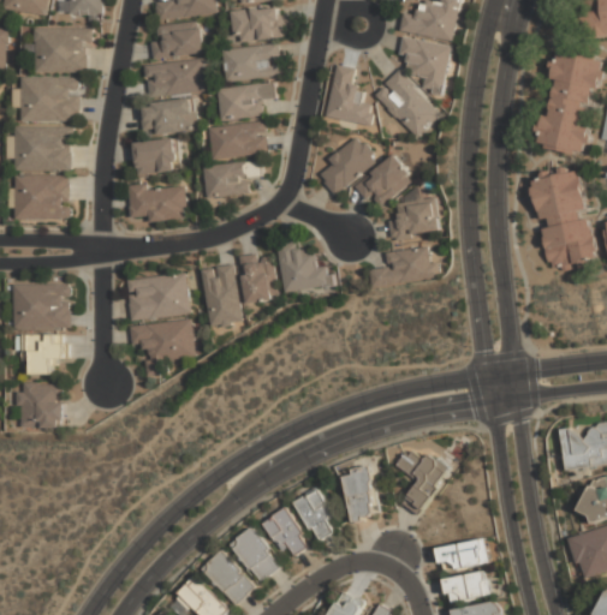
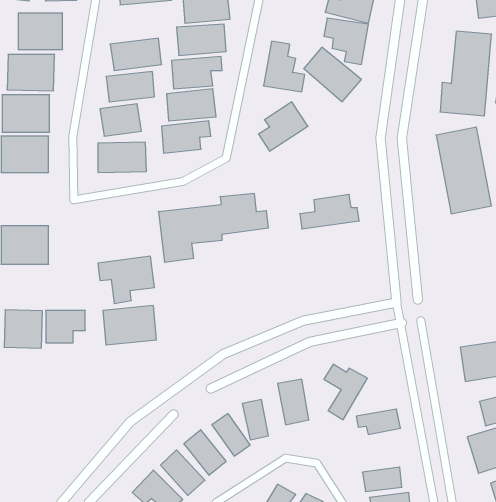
building: [149,25,202,59] -> none
building: [355,155,413,210] -> none
building: [387,199,439,238] -> none
building: [125,274,189,321] -> [103,306,156,345]
building: [19,336,66,375] -> [46,310,85,343]
building: [435,538,488,568] -> [356,409,401,434]

